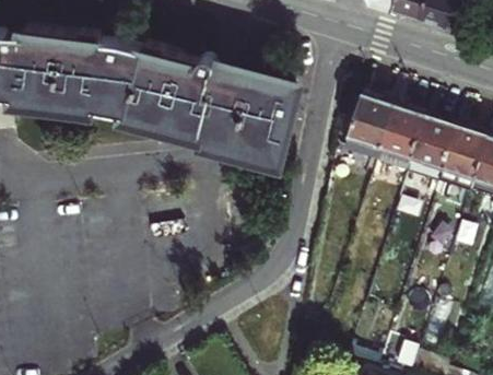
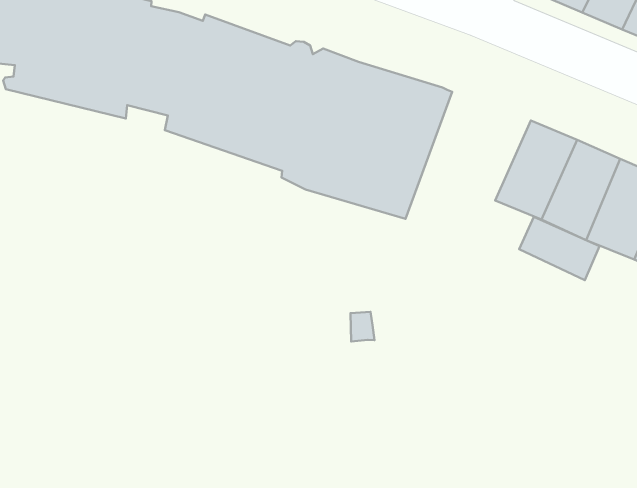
building: none -> [519,217,599,280]

